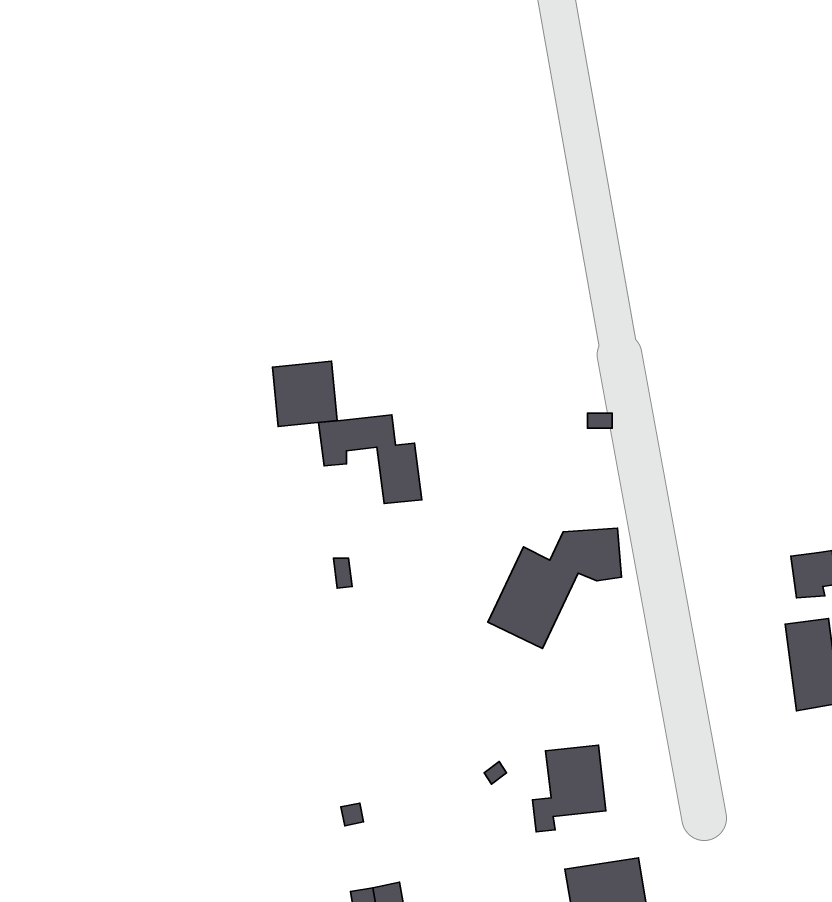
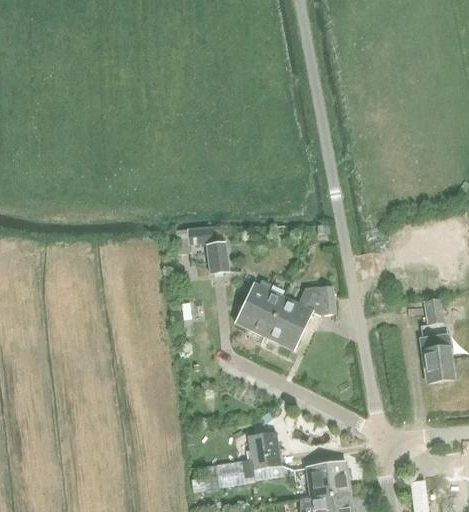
building: [273,361,337,427] -> none
building: none -> [235,278,283,336]
building: [532,745,606,832] -> [241,432,280,478]

